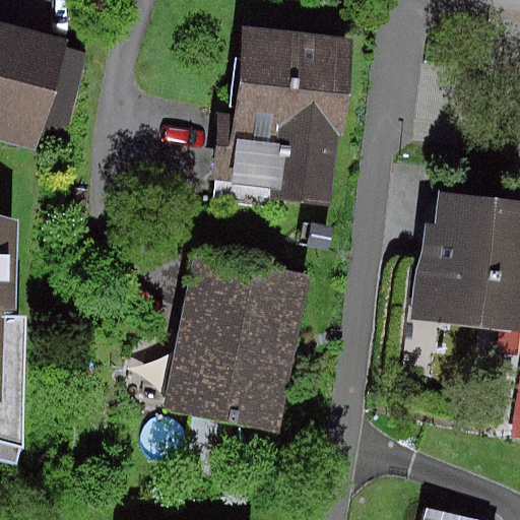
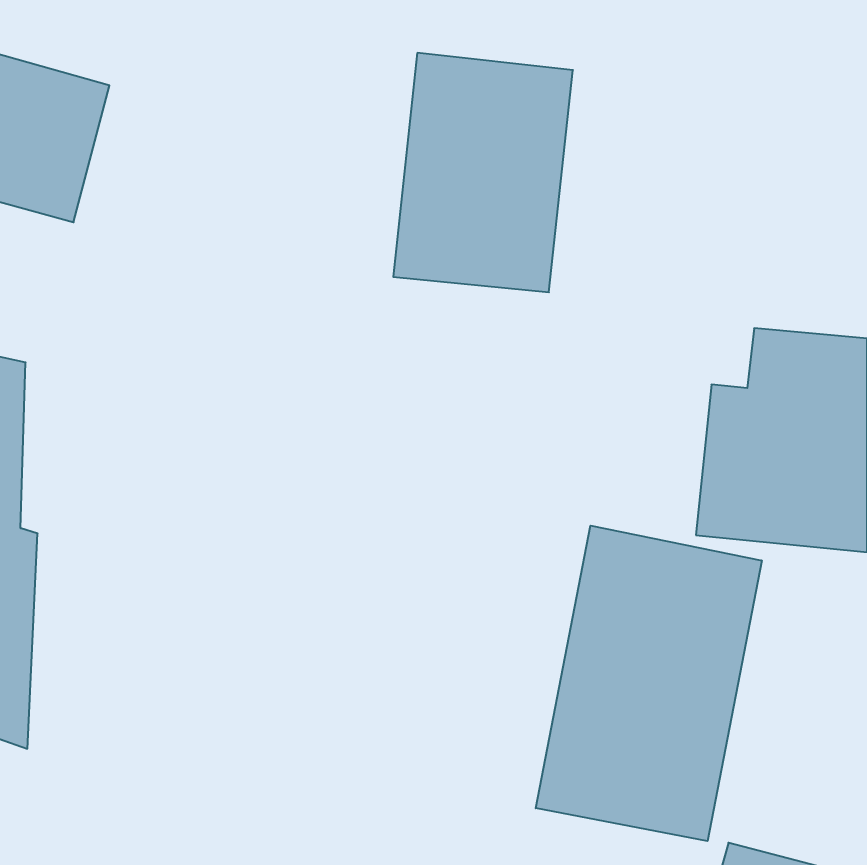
building: [177,259,310,420] -> none
building: none -> [536,526,762,841]

